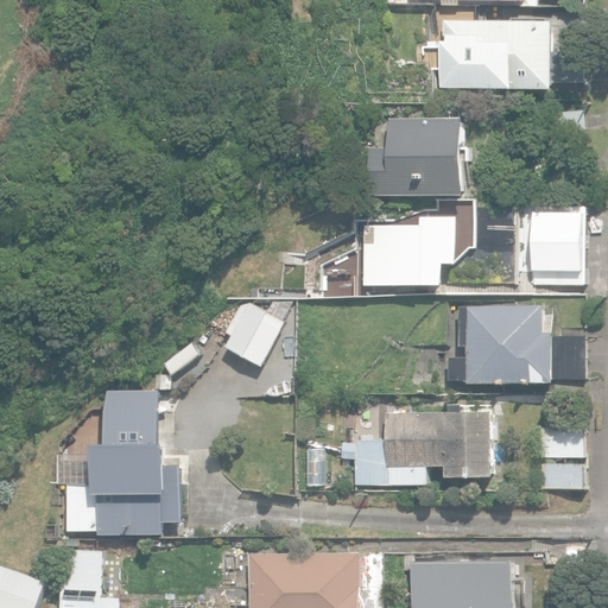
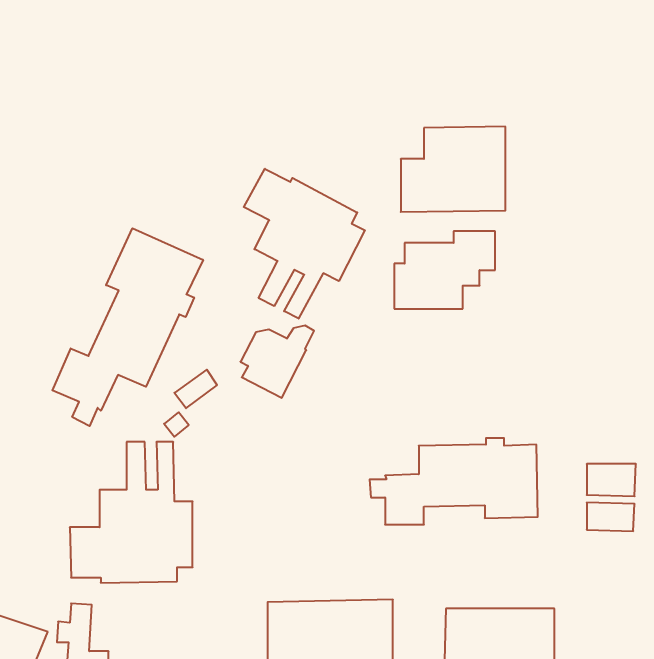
building: [441,20,583,89] -> none
building: none -> [244,169,365,319]
building: [530,208,583,284] -> none
building: none -> [52,228,203,426]
building: [448,306,585,379] -> none

